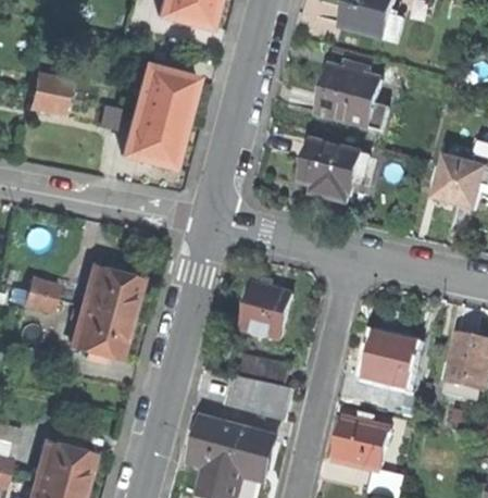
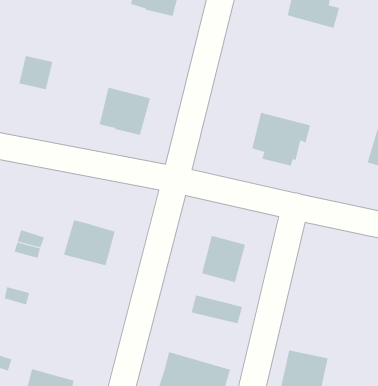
building: [318,62,389,129] -> none
building: [133,64,195,122] -> none
building: [70,304,130,358] -> none
building: [365,334,418,386] -> none
building: [226,373,295,419] -> none

